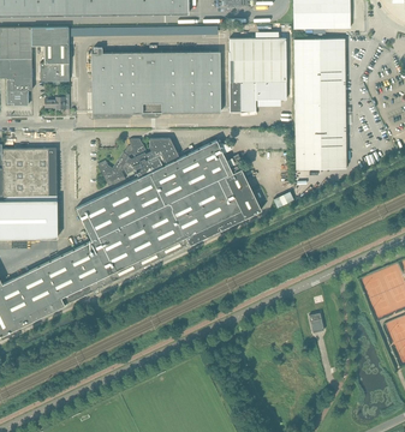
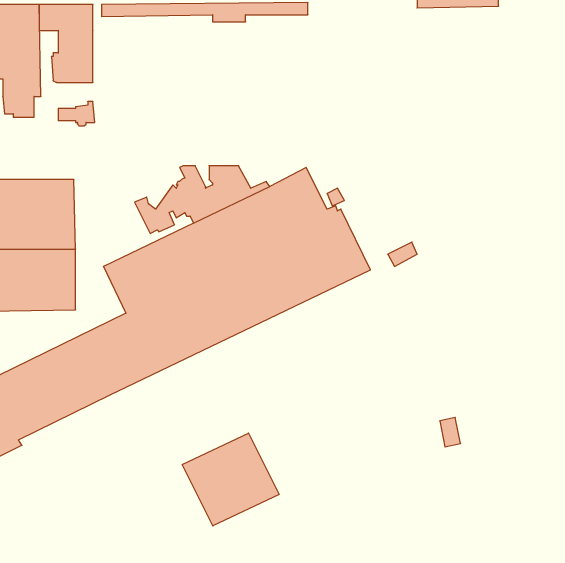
building: [230,37,286,112] -> none
building: [293,38,346,168] -> none
building: [89,47,221,113] -> none
building: none -> [182,433,279,526]

